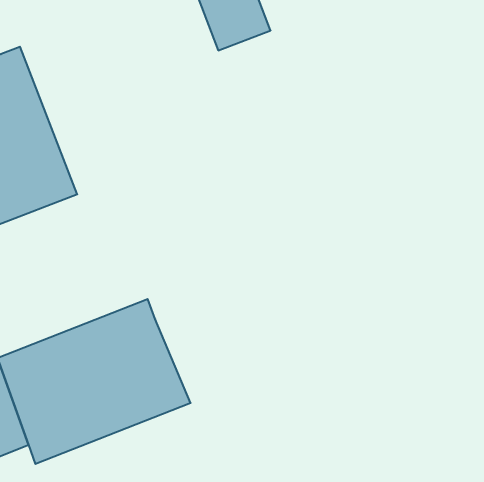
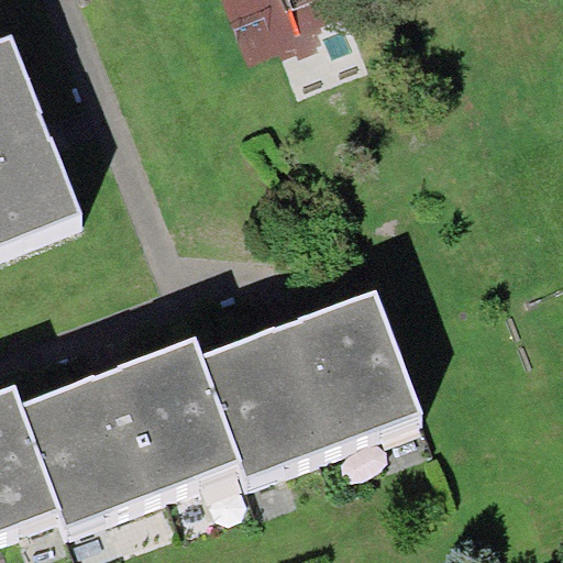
building: none -> [179,301,395,484]

